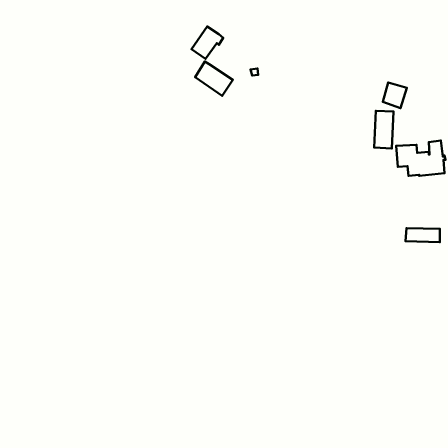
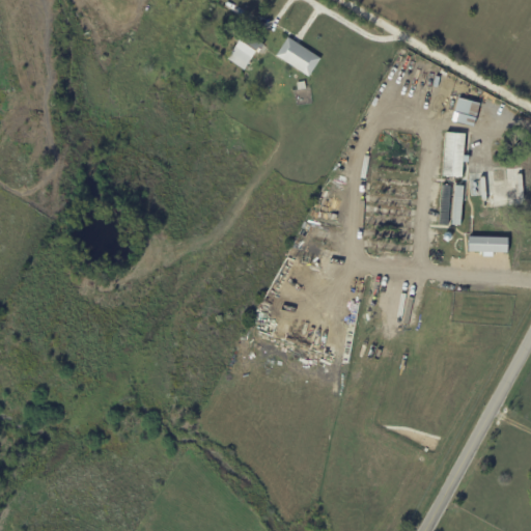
building: [195,62,233,96] -> [276,36,320,77]
building: none -> [440,185,463,224]
building: [406,228,440,242] -> [468,234,508,251]

